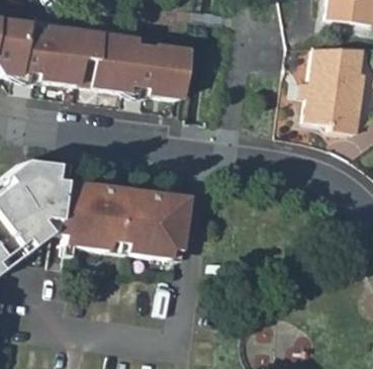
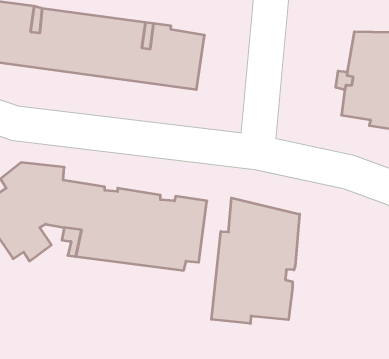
building: none -> [211,198,300,324]

